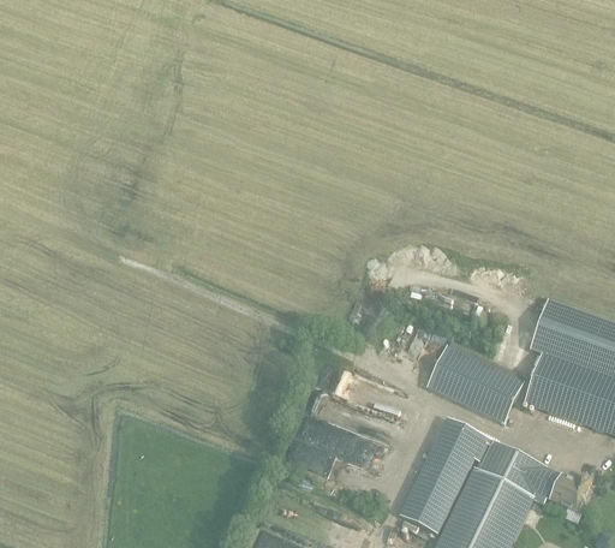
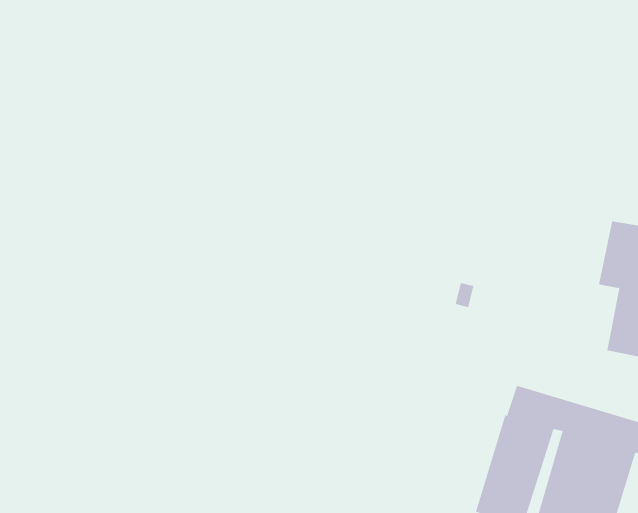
building: [428,344,525,424] -> none

